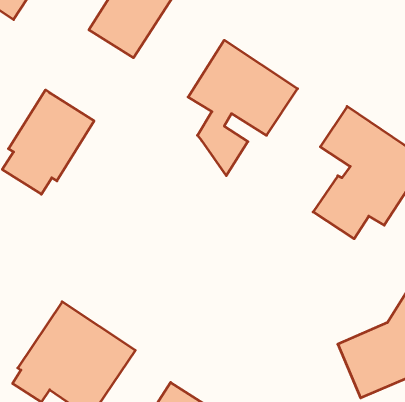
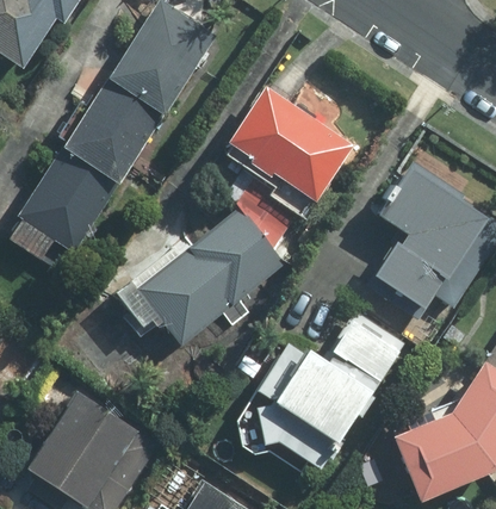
building: none -> [66,76,162,181]
building: none -> [118,204,280,342]
building: none -> [256,310,404,472]

